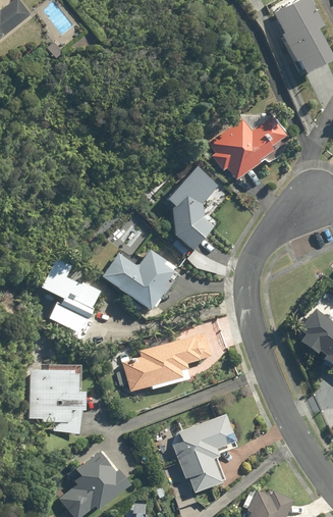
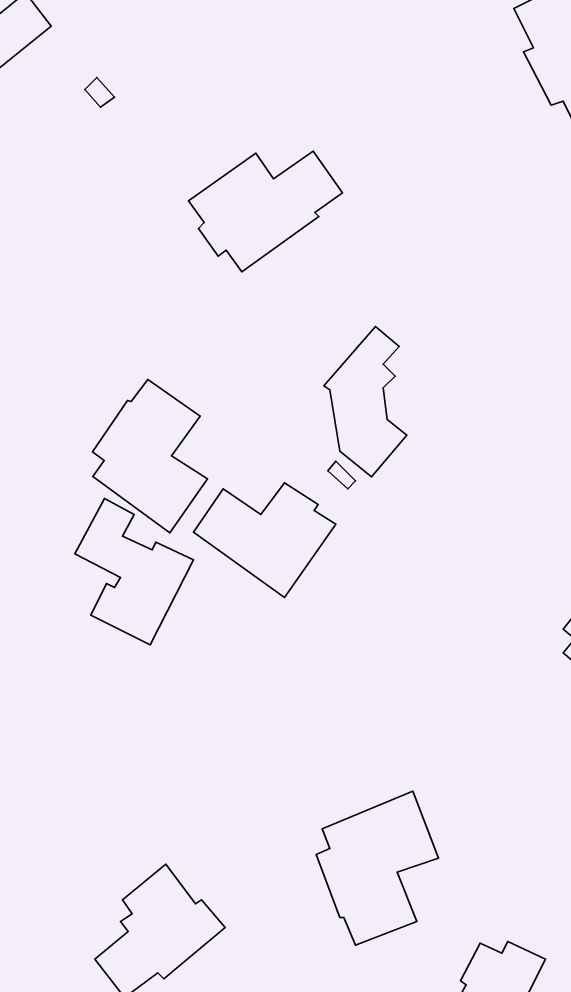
building: [213,117,292,179] -> [188,151,343,272]
building: none -> [92,380,207,533]
building: [127,333,216,393] -> none
building: [33,371,90,435] -> none

